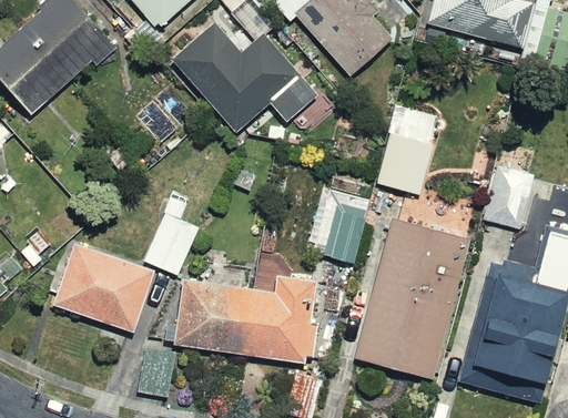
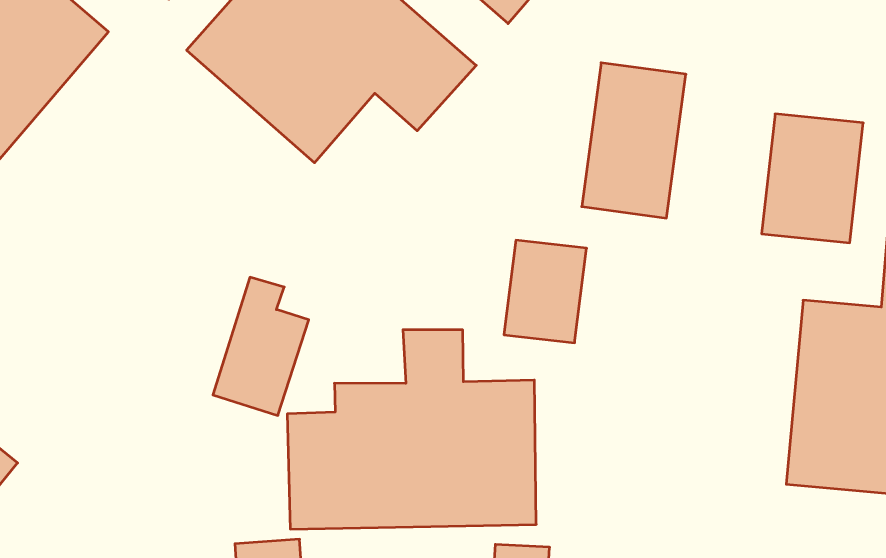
building: [354,215,473,381] -> none
building: [51,243,158,333] -> none

